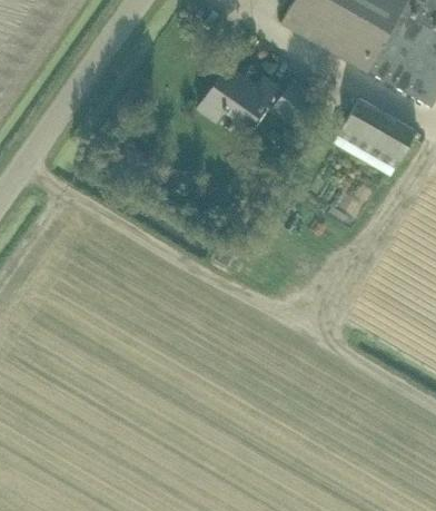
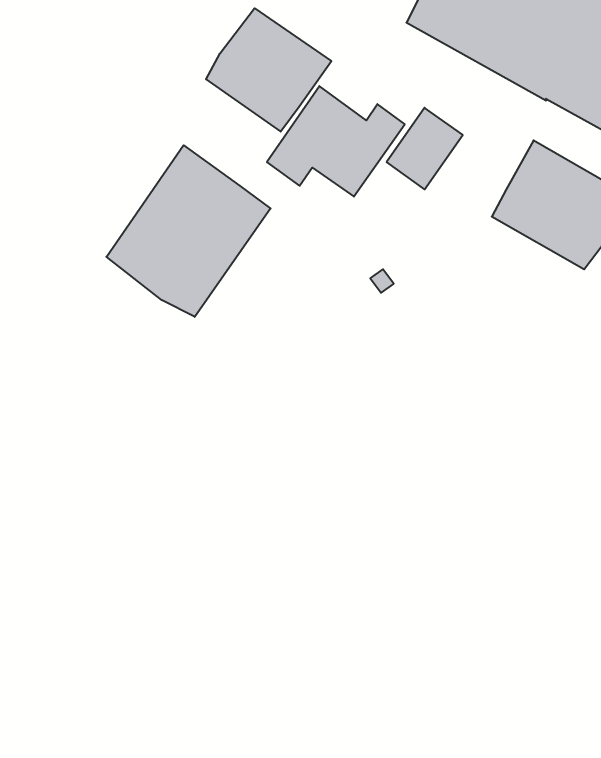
building: none -> [206,8,331,132]
building: none -> [106,145,271,317]

